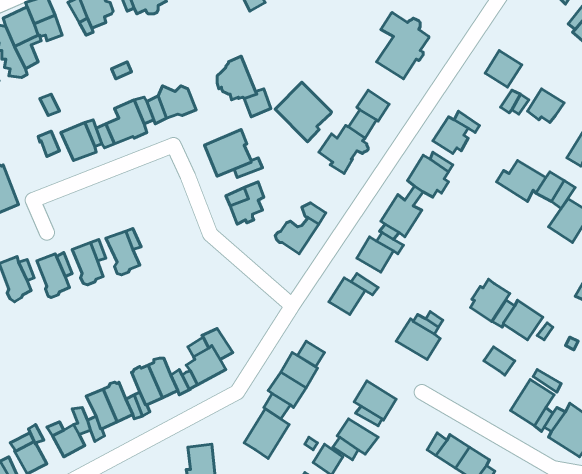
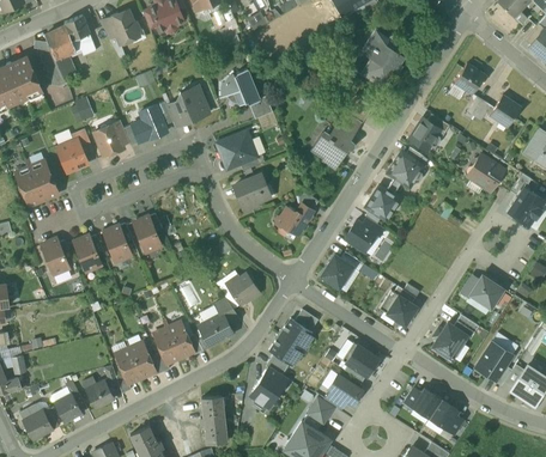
building: [275,82,332,142] -> none
building: none -> [57,139,86,171]
building: [470,279,510,322] -> [432,322,466,358]
building: none -> [229,272,260,304]

